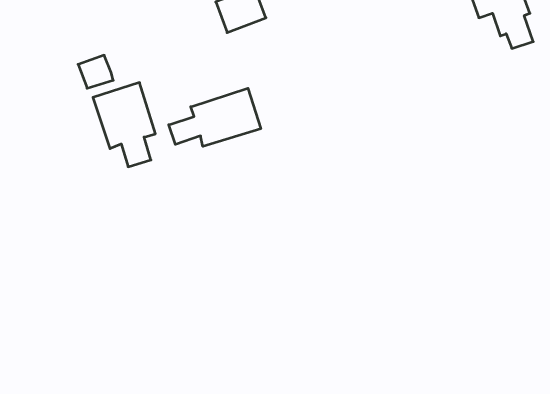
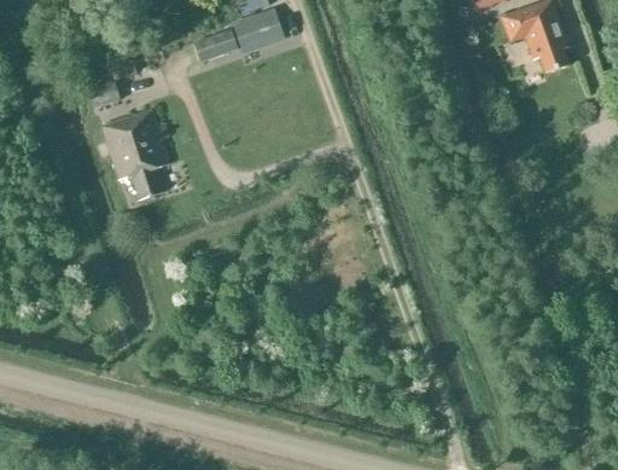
building: none -> [194,28,238,60]
building: [169,88,261,146] -> none

